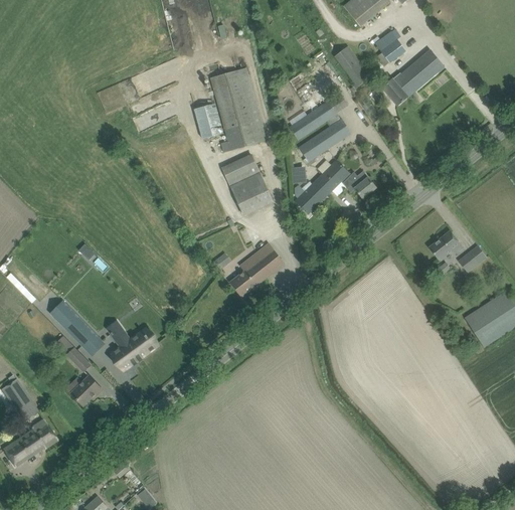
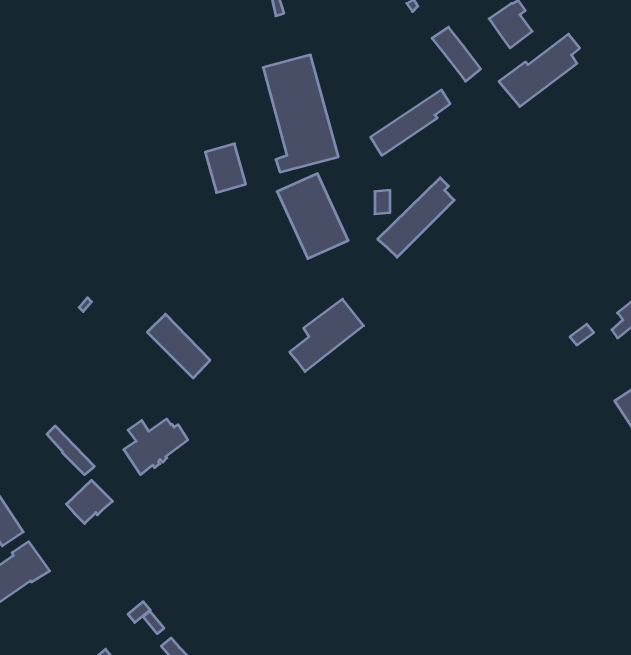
building: [193,103,222,138] -> [205,144,246,193]
building: [298,114,357,161] -> none
building: [341,171,375,197] -> none
building: [428,230,462,259] -> none
building: [48,299,94,345] -> [147,314,210,378]

